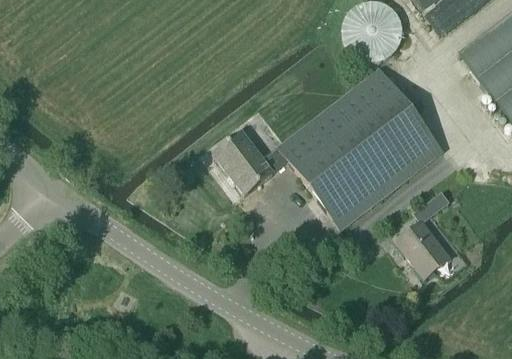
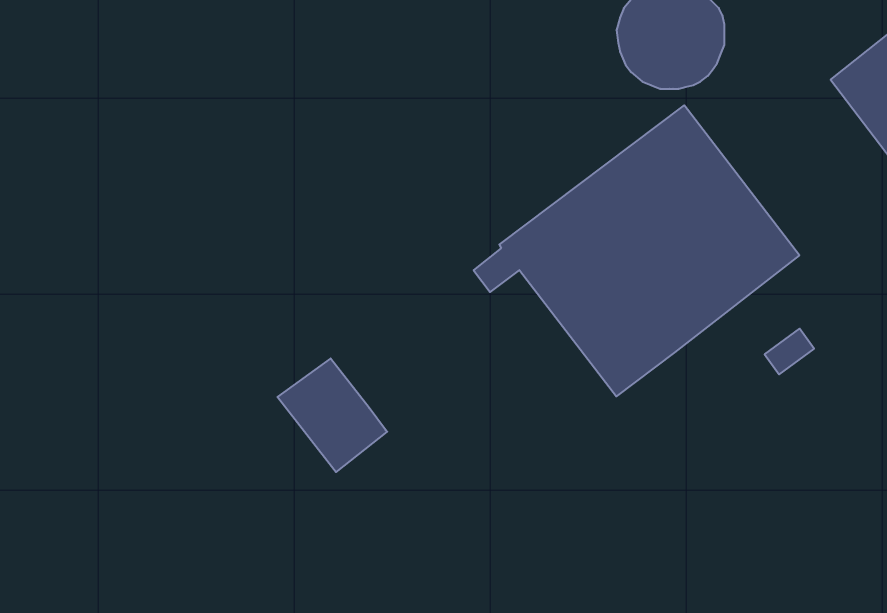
building: [214,132,274,194] -> [277,358,387,472]
building: [397,221,450,278] -> none

